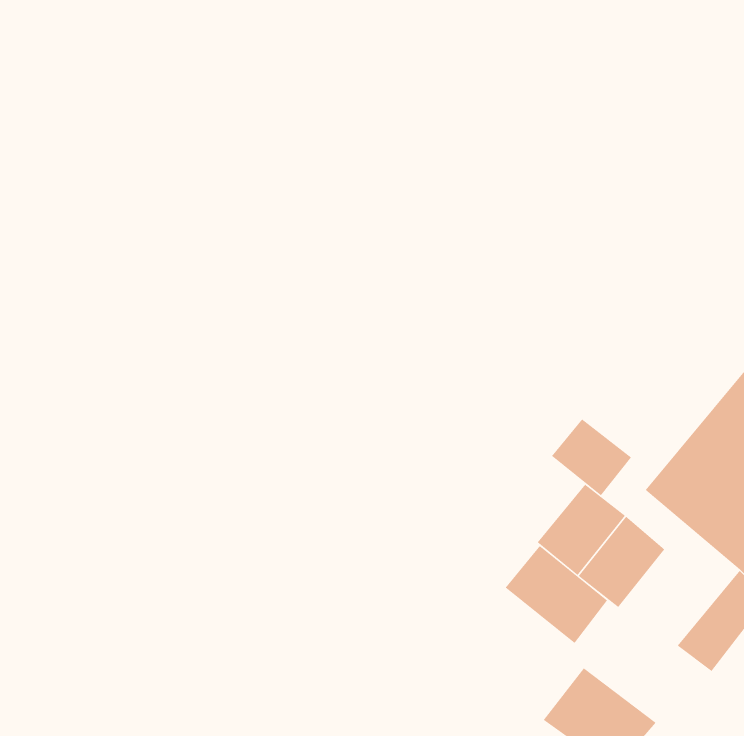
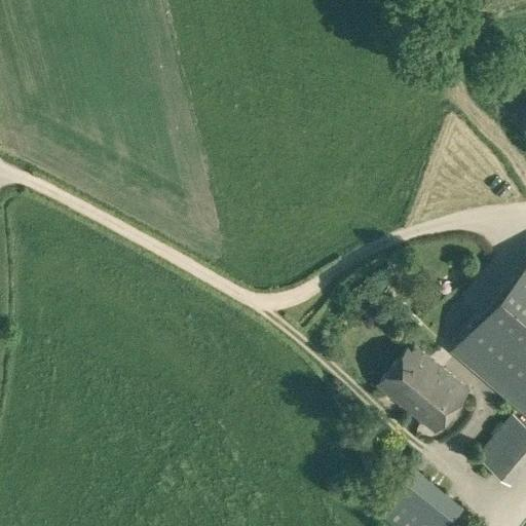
building: [551,418,632,496] -> none
building: [505,545,608,644] -> none

